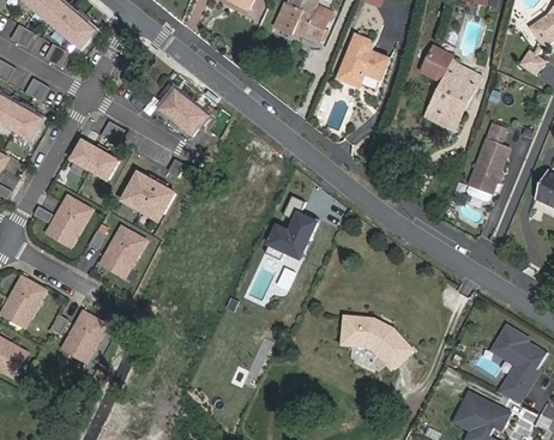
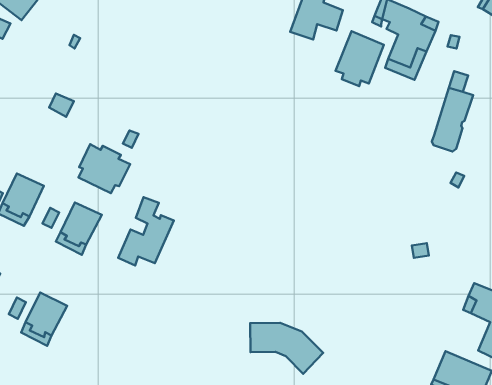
building: none -> [335,31,384,86]
building: [159,84,218,138] -> none
building: [73,141,121,181] -> none
building: [267,193,323,258] -> [118,197,174,266]
building: [342,319,411,370] -> [250,323,323,374]

